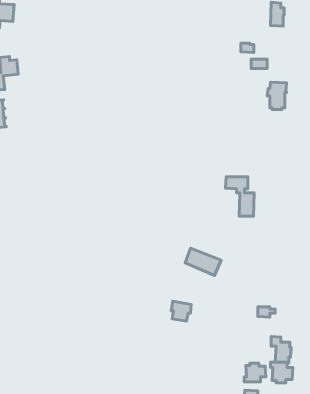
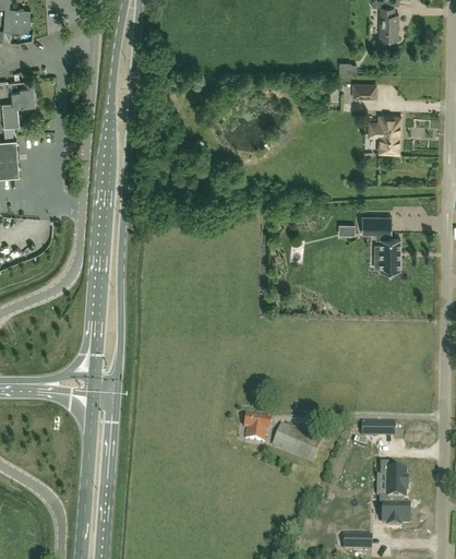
building: [225,177,254,216] -> [361,218,400,272]
building: [185,248,221,276] -> [273,426,322,463]
building: [244,363,266,382] -> none

